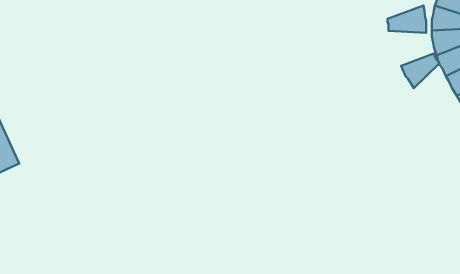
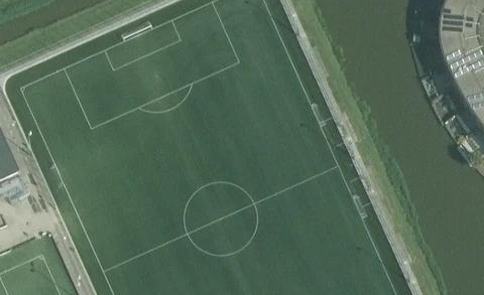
building: [388,6,426,33] -> none
building: [401,54,439,88] -> none

